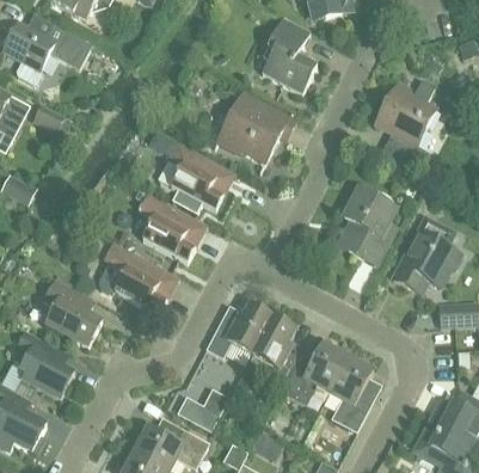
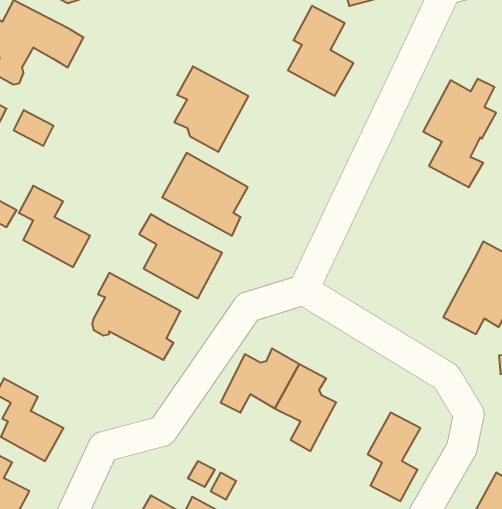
building: [227,92,289,164] -> [174,66,248,152]
building: [338,189,395,264] -> none
building: [42,278,102,346] -> [19,186,90,267]
building: [280,344,348,405] -> none

